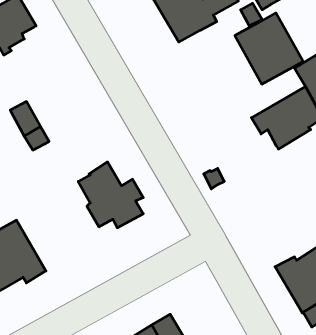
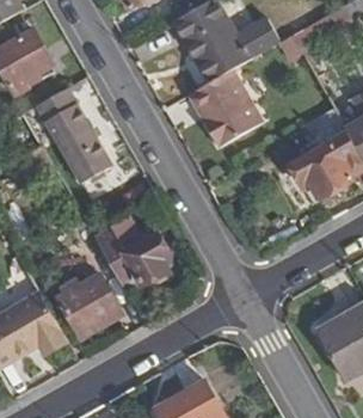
building: [235,13,303,84] -> [187,68,263,147]
building: none -> [35,86,110,182]
building: none -> [57,273,117,332]

